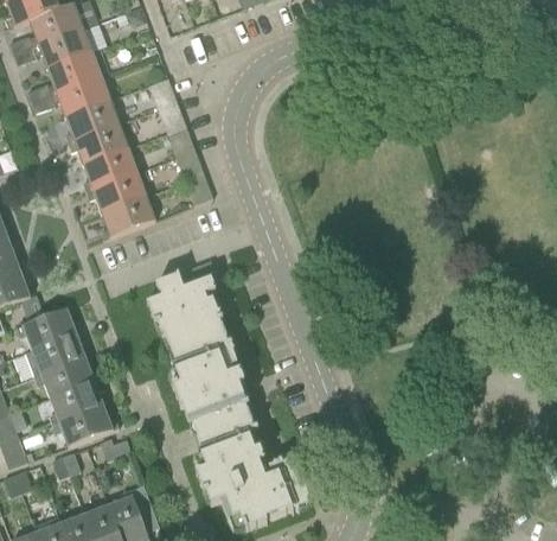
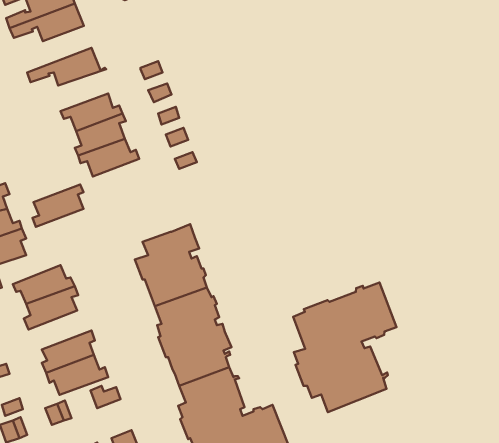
building: [26,50,100,100] -> none
building: [64,96,117,141] -> none
building: [100,192,154,237] -> [32,185,84,227]
building: none -> [293,282,397,412]
building: [32,355,100,396] -> none

